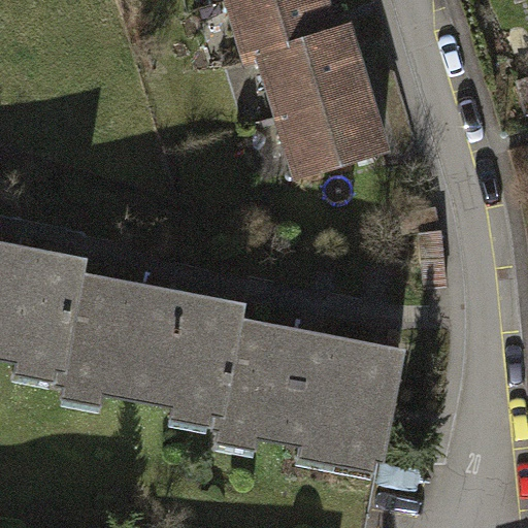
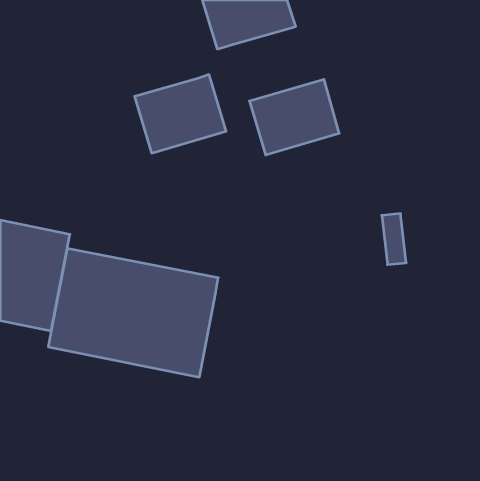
building: [257,27,357,112] -> [135,75,226,153]
building: [218,323,401,459] -> none

